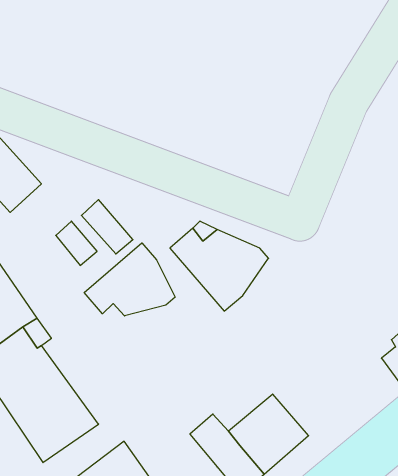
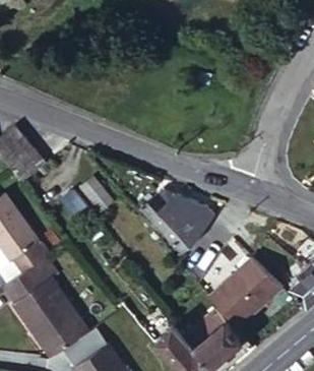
building: [84,243,175,316] -> none
building: none -> [207,257,280,328]

